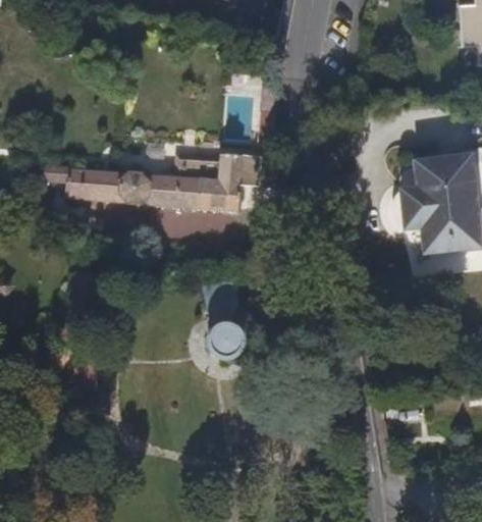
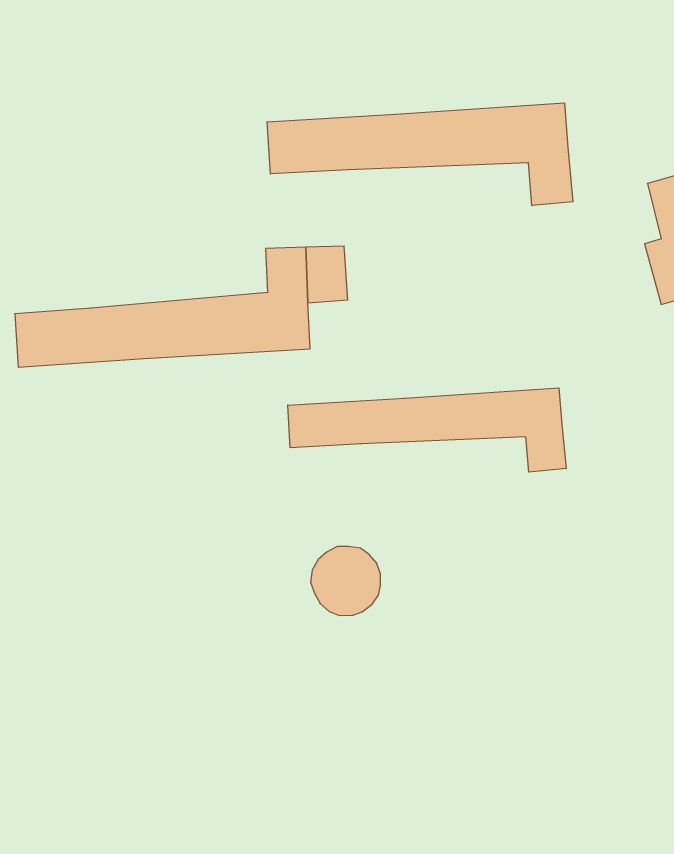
building: none -> [267,103,573,206]
building: none -> [288,388,566,472]

